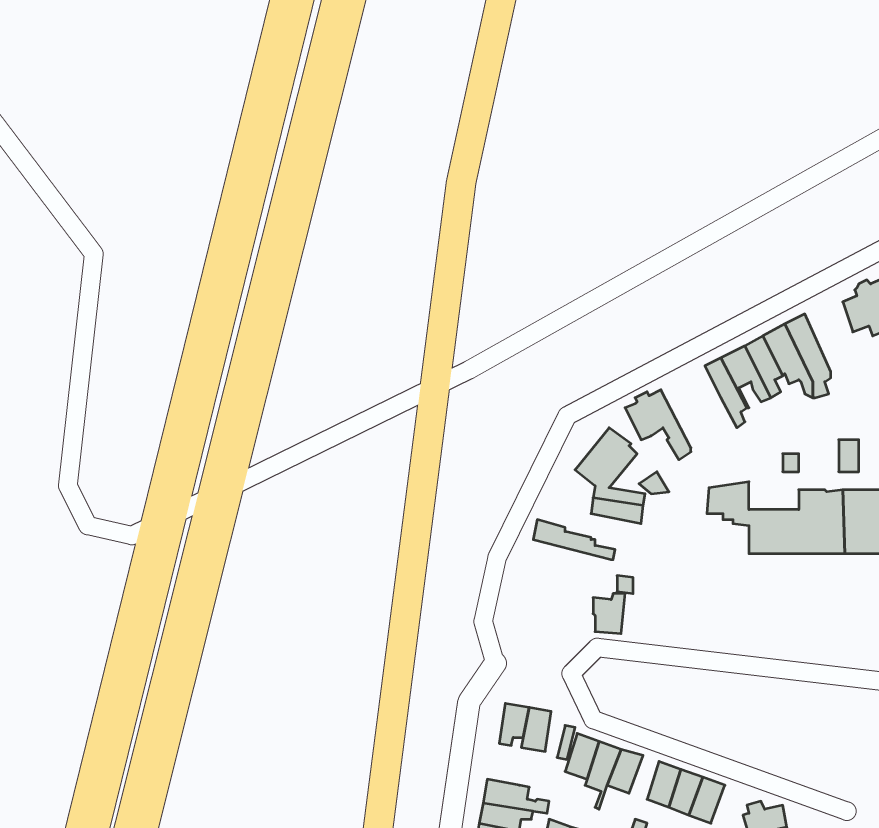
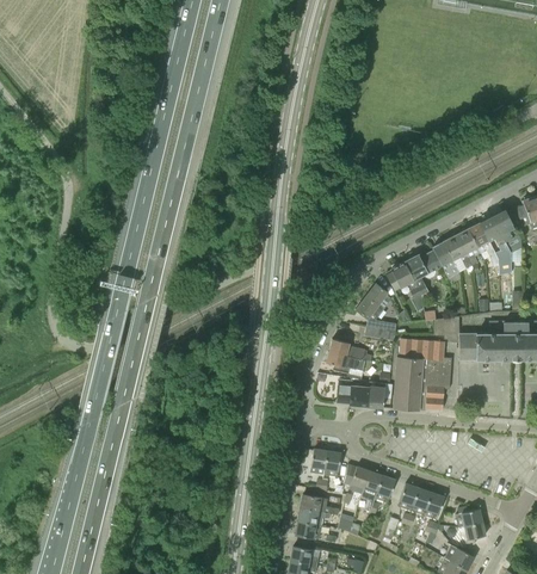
building: none -> [492,209,520,254]
building: none -> [406,249,442,298]
building: none -> [391,339,451,411]
building: none -> [326,351,376,374]
building: none -> [337,379,366,406]

